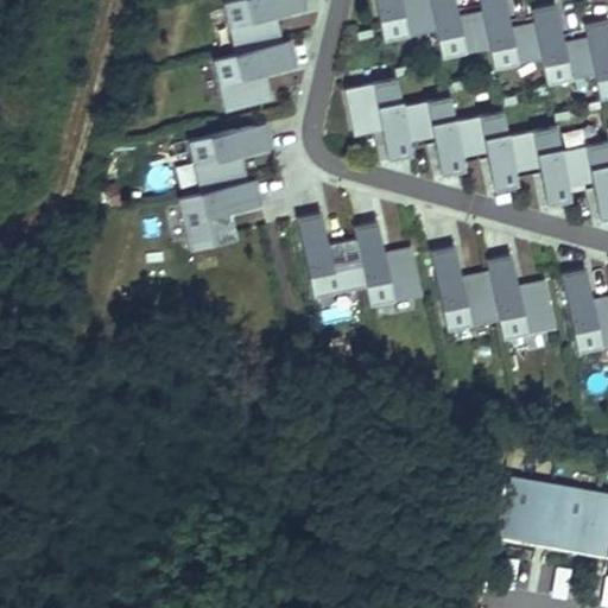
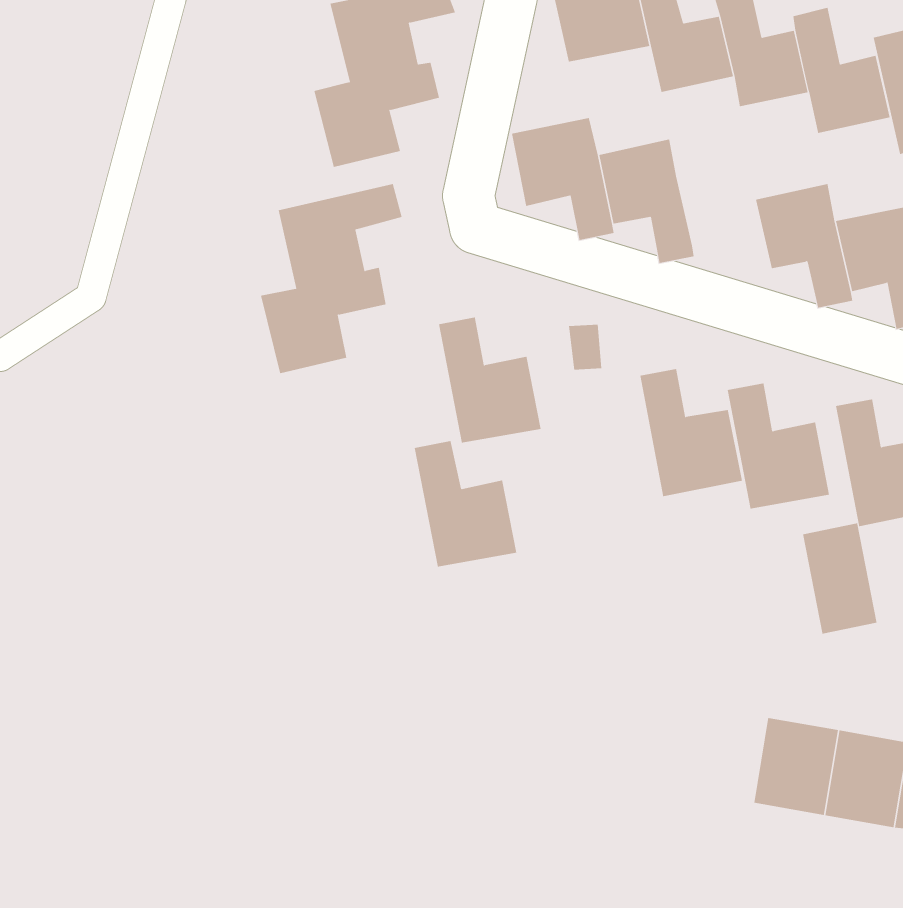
building: [456,107,521,190] -> none
building: [354,221,423,305] -> [414,441,517,567]
building: none -> [803,522,877,635]

